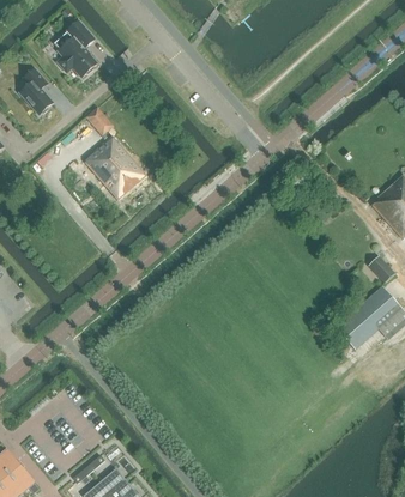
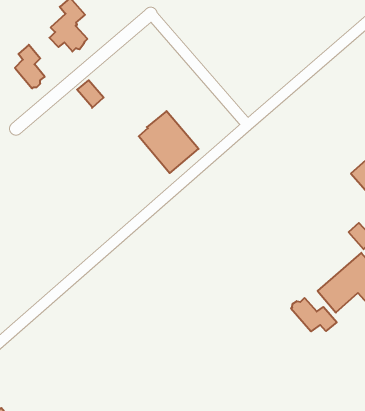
building: [84,135,146,200] -> [139,111,199,173]
building: none -> [291,298,337,331]

